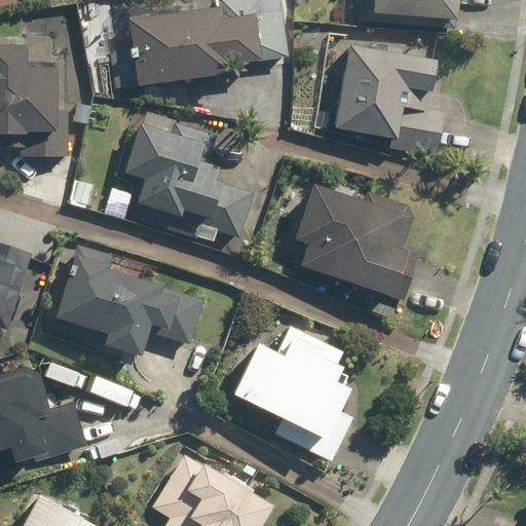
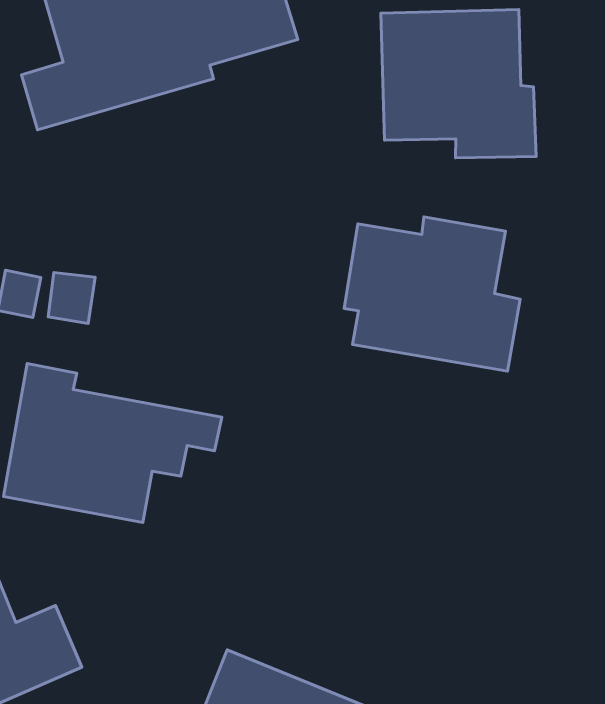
building: [123,110,255,245] -> none
building: [230,325,354,464] -> none

